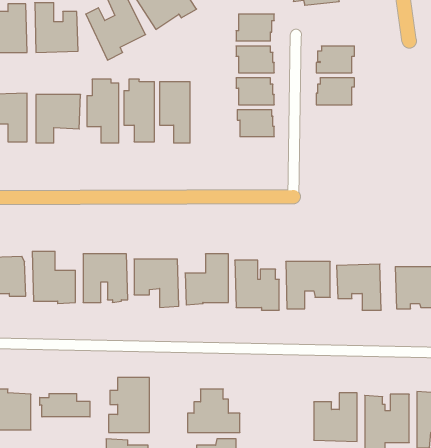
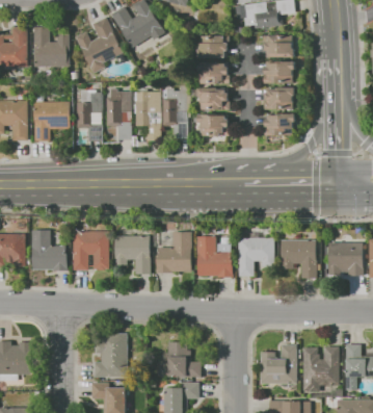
building: none -> [262,35,294,57]
building: none -> [162,87,187,139]
building: none -> [263,113,295,135]
building: [40,394,90,417] -> none

